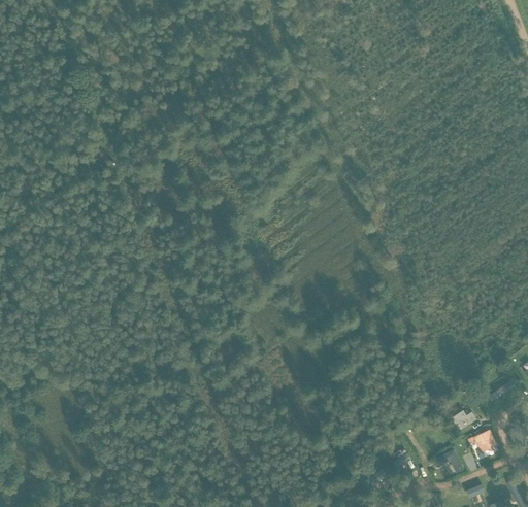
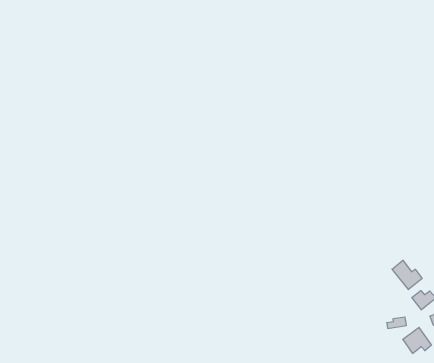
building: none -> [392,260,422,290]

